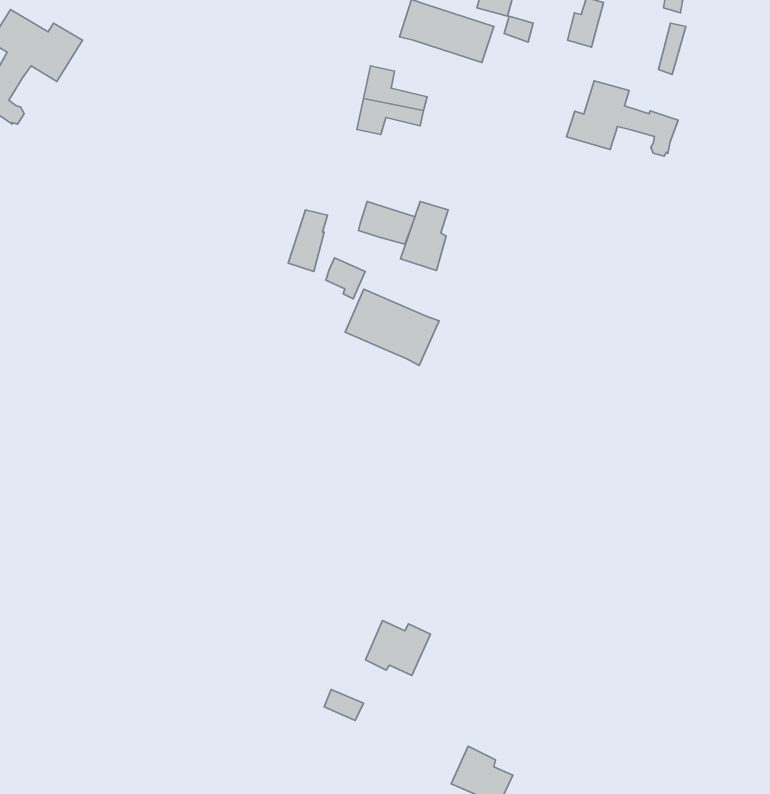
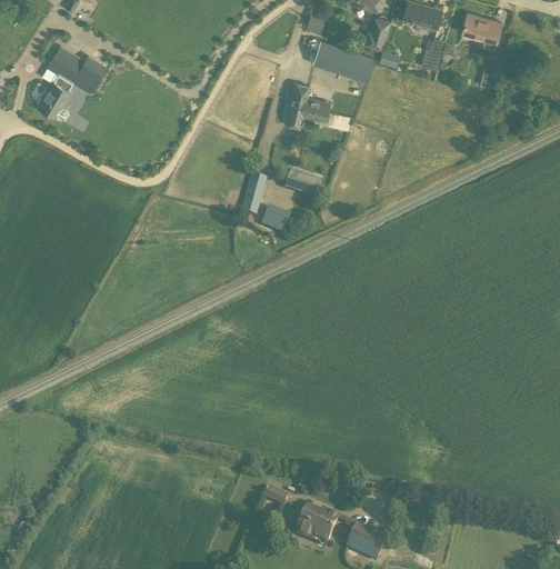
building: [567,81,678,156] -> none
building: [401,201,448,270] -> none
building: [345,289,439,366] -> none
building: [366,621,431,675] -> [297,508,339,543]

